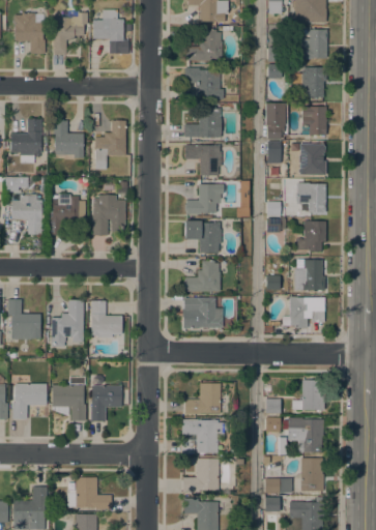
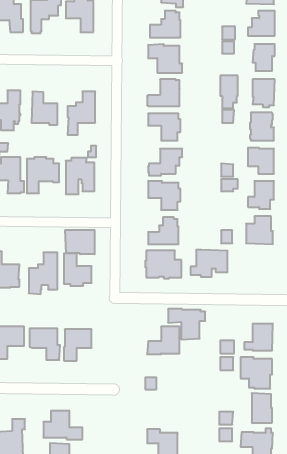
building: none -> [65,230,95,254]
building: [284,297,325,327] -> [191,250,228,277]
building: [182,419,224,453] -> [168,309,205,339]
building: [183,459,219,492] -> none

